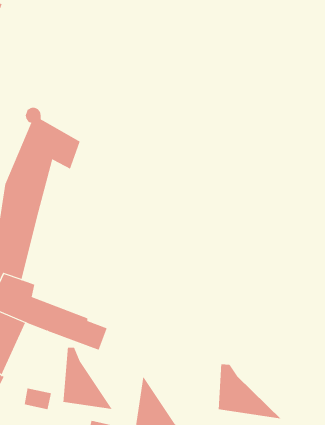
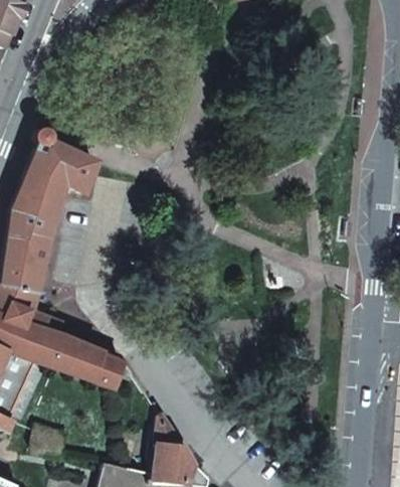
building: [63,347,113,410] -> none
building: [218,364,282,420] -> none

